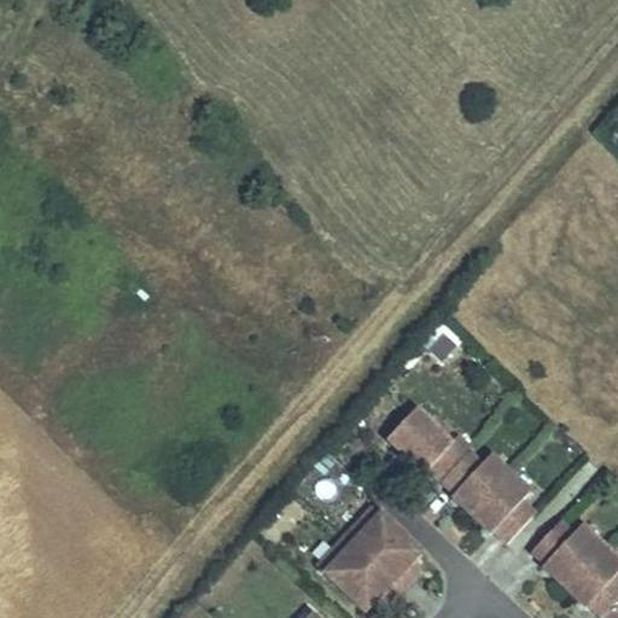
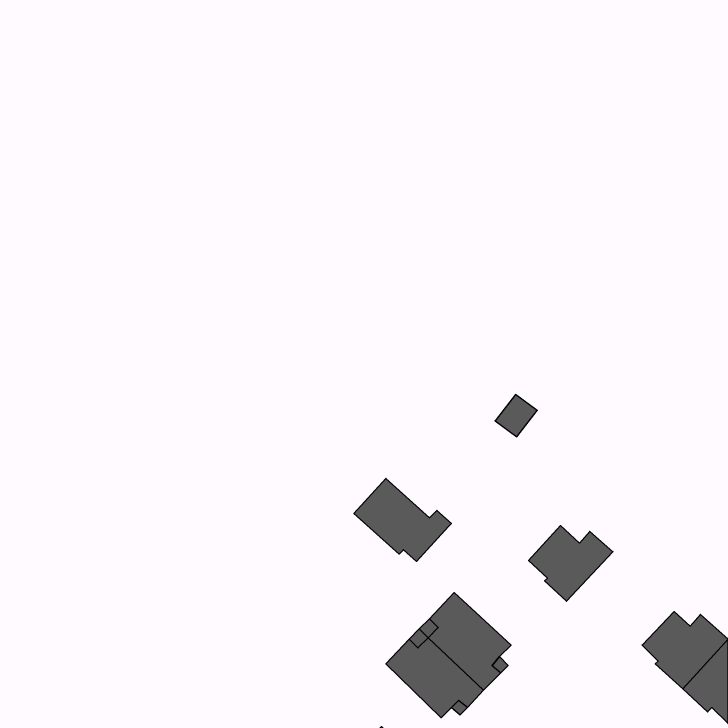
building: [386,409,467,478] -> [354,478,451,561]
building: [470,471,534,540] -> none

